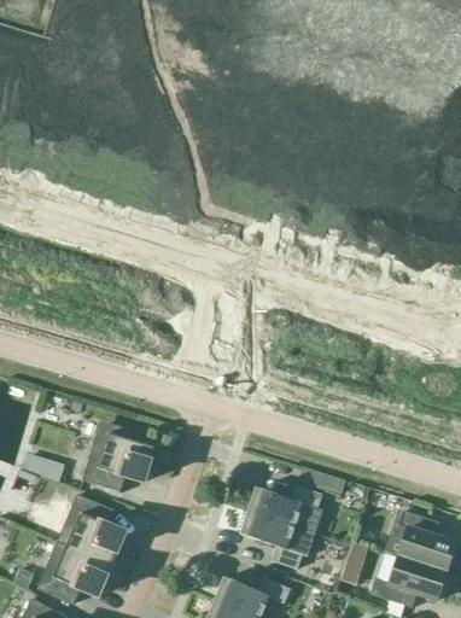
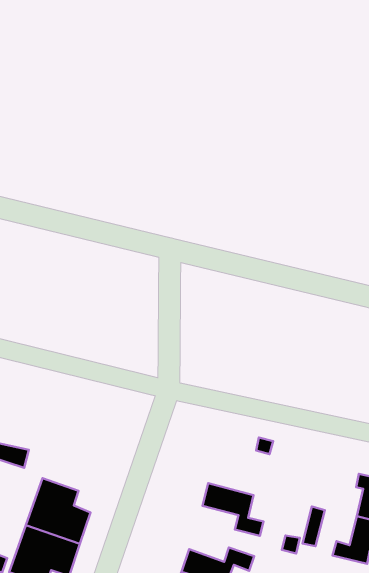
building: [83,425,156,491] -> none
building: [249,486,323,535] -> none

